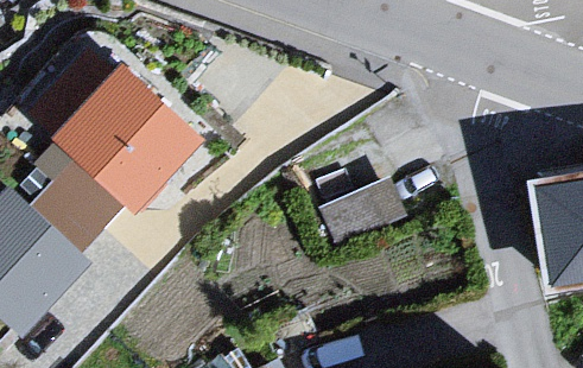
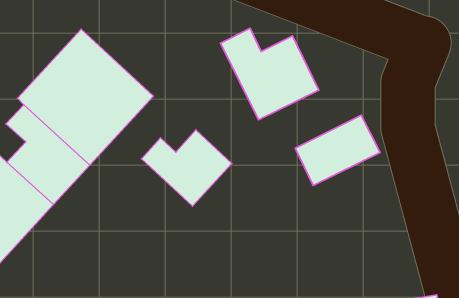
building: none -> [221,28,319,120]
building: none -> [141,130,232,206]

